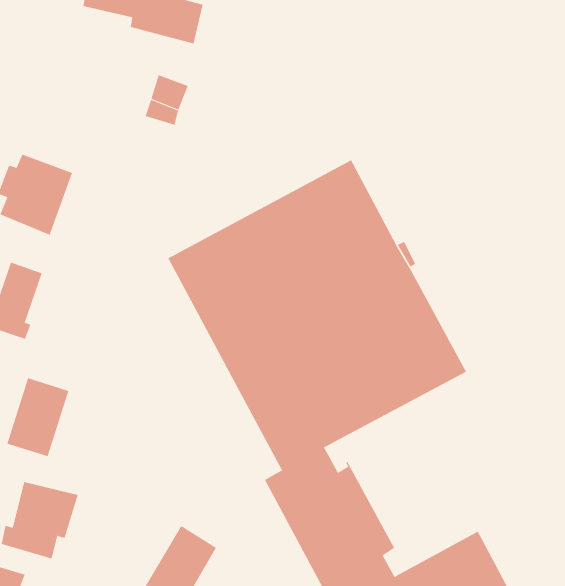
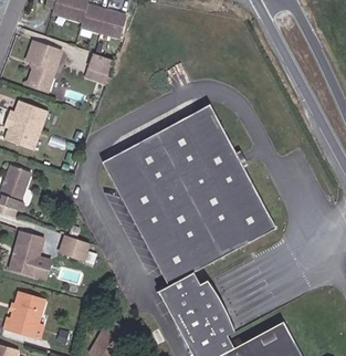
building: none -> [25,40,60,90]
building: none -> [60,234,88,260]

